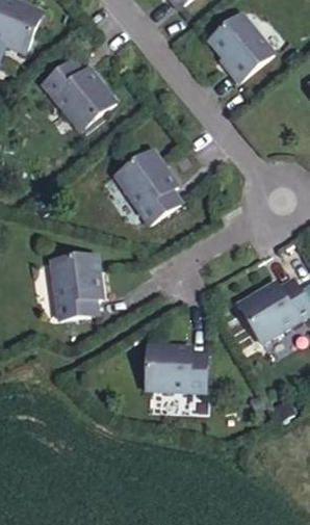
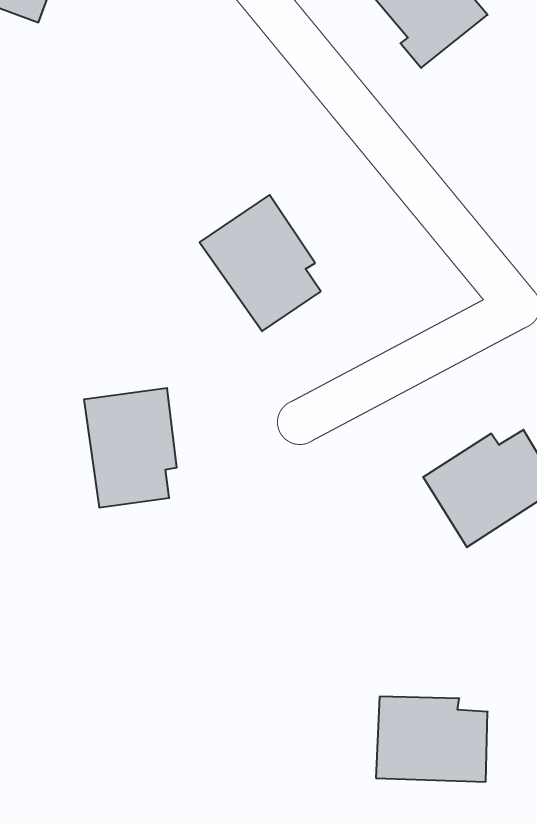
building: [42,57,113,128] -> none
building: [145,349,206,396] -> [376,697,488,782]

